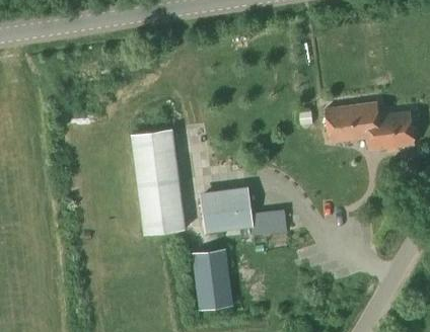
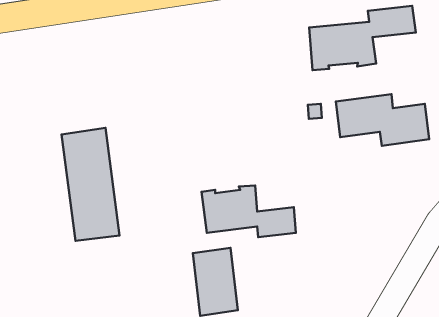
building: none -> [309,6,416,70]
building: [130,128,185,234] -> [61,128,120,241]

